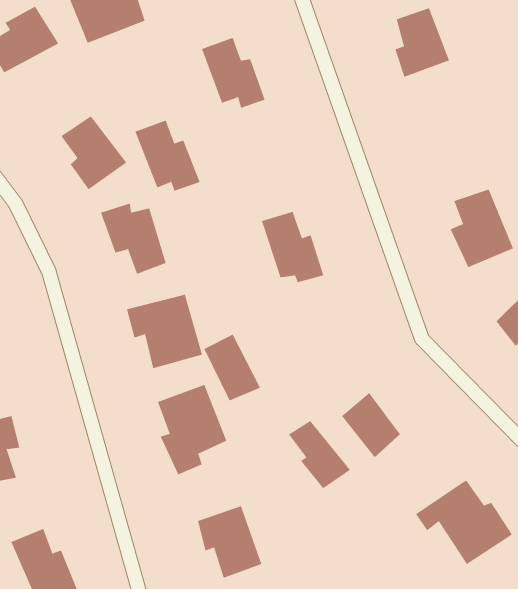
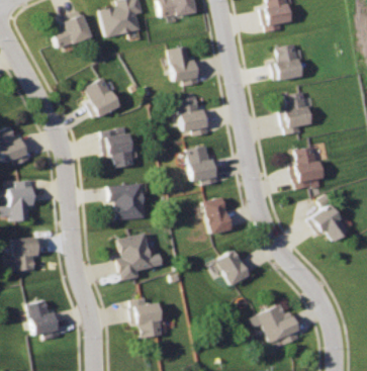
building: none -> [282,91,312,133]
building: [134,120,201,191] -> [177,96,209,135]
building: [204,334,261,401] -> [204,196,233,233]
building: [288,420,351,489] -> none

